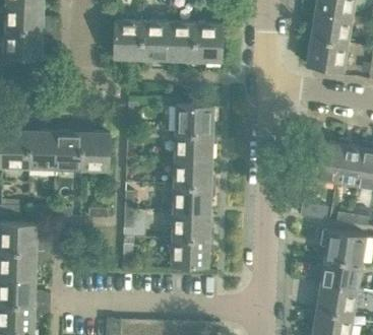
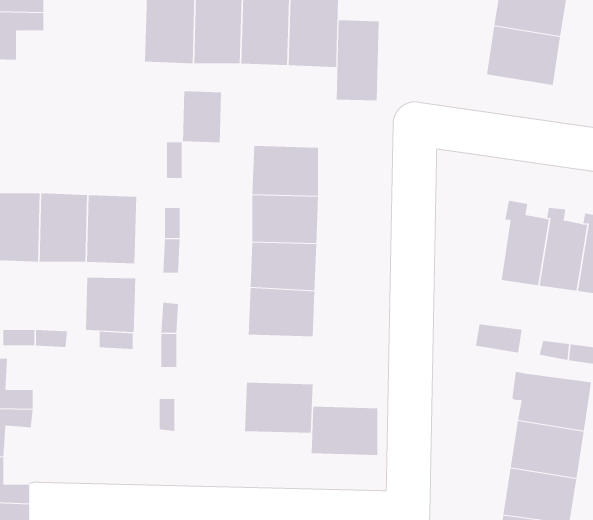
building: none -> [336,19,379,101]
building: none -> [182,91,222,143]
building: none -> [85,277,136,333]
building: [172,210,209,238] -> [311,406,378,455]

